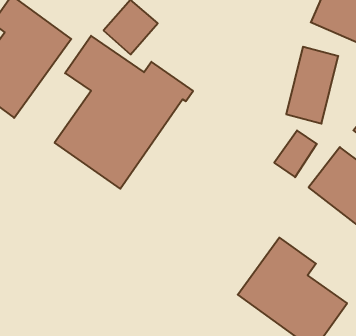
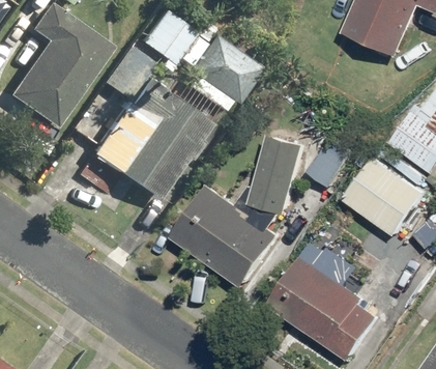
building: none -> [181,34,260,104]
building: [286,47,338,124] -> [256,138,308,215]
building: none -> [175,186,282,285]

